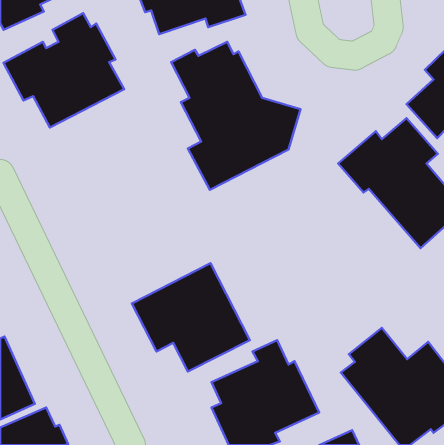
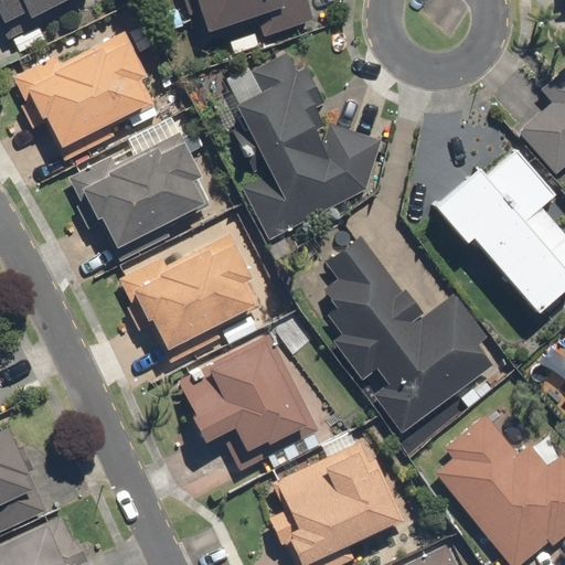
building: none -> [66,131,216,262]
building: none -> [115,231,268,362]
building: none -> [322,233,503,434]

